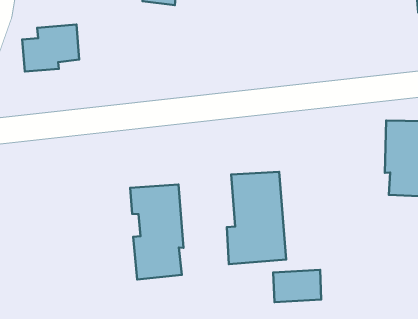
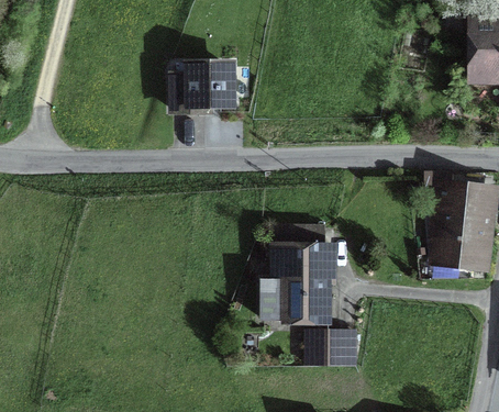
building: [22,25,79,71] -> [174,67,231,111]
building: [130,185,183,280] -> none

